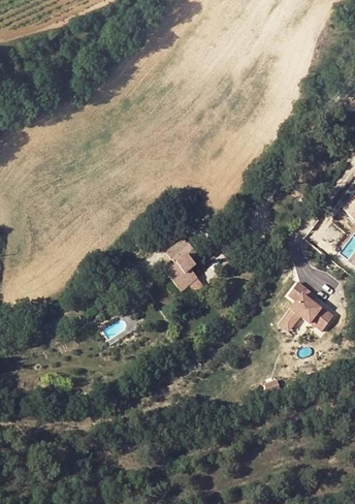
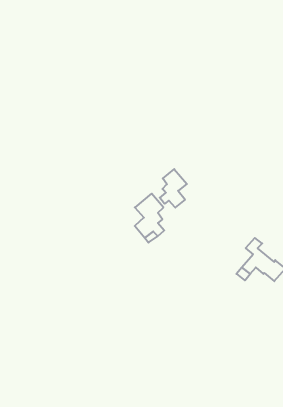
building: none -> [160,169,187,208]

